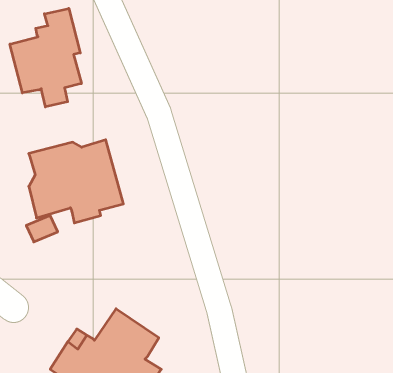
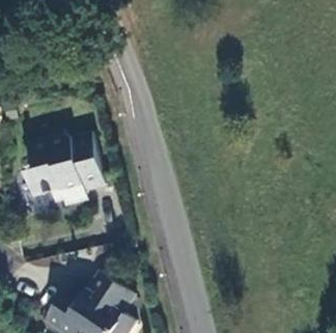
building: [10,8,81,107] -> none

